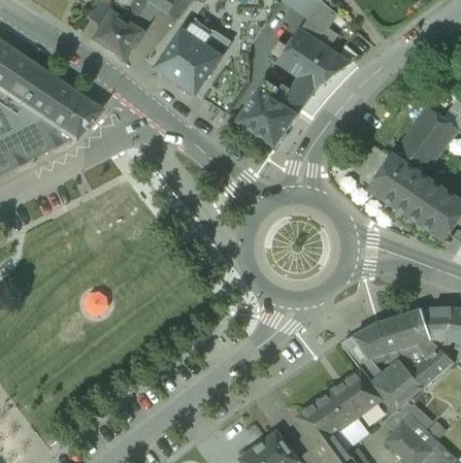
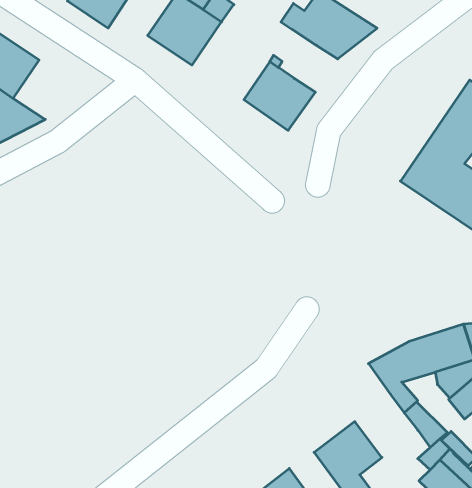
building: [281,75,317,114] -> none
building: [45,88,100,138] -> none
building: [383,359,423,399] -> none
building: [331,367,384,420] -> none

